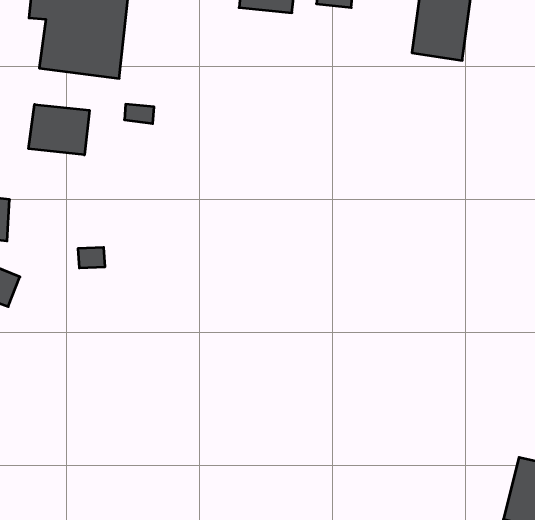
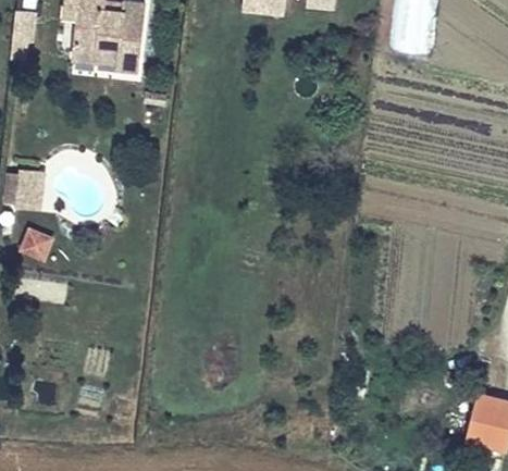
building: [29,104,89,155] -> none

